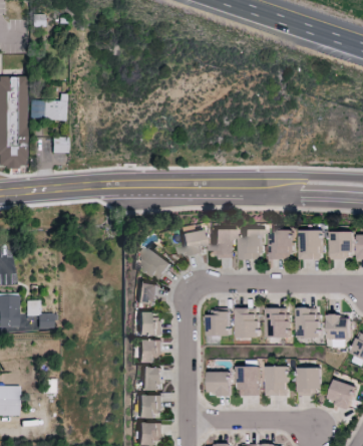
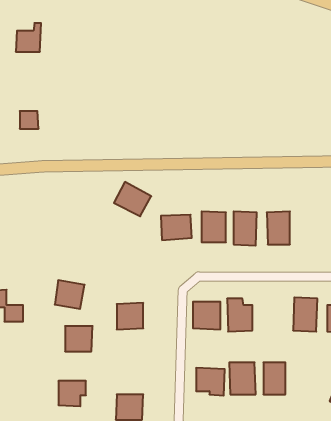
building: [40,94,63,121] -> [16,23,41,52]
building: [304,230,326,260] -> none
building: [140,247,174,278] -> [114,182,151,216]
building: [134,281,161,307] -> [55,280,85,309]
building: [269,310,291,338] -> none
building: [137,341,162,364] -> [65,326,93,351]
building: [141,368,166,391] -> [58,381,86,406]
building: [302,368,325,394] -> none

